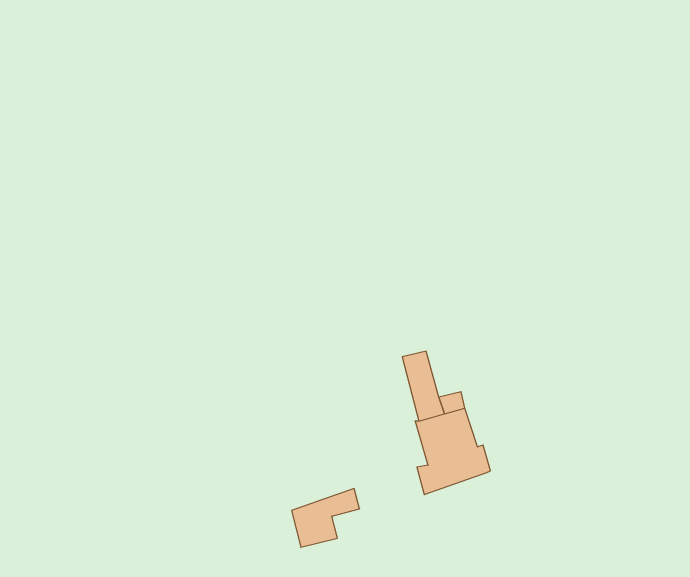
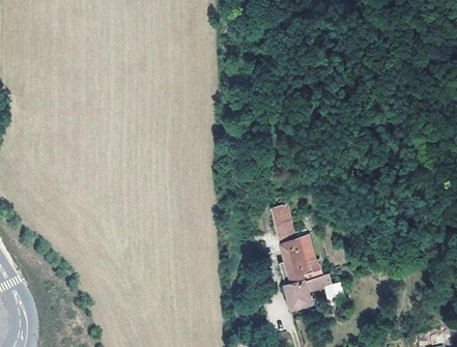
building: [292,489,360,547] -> [284,273,322,307]

